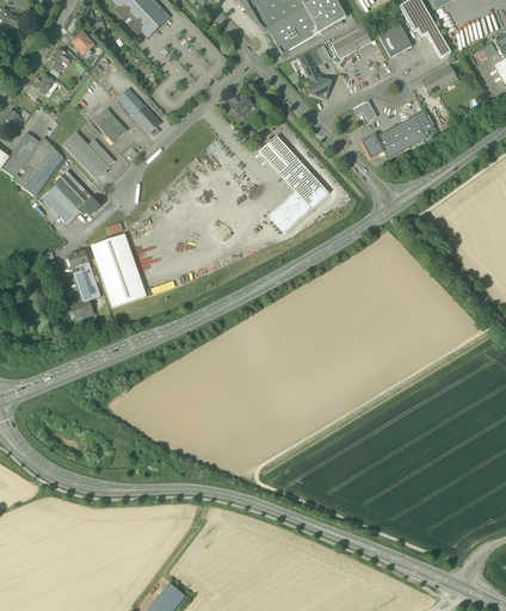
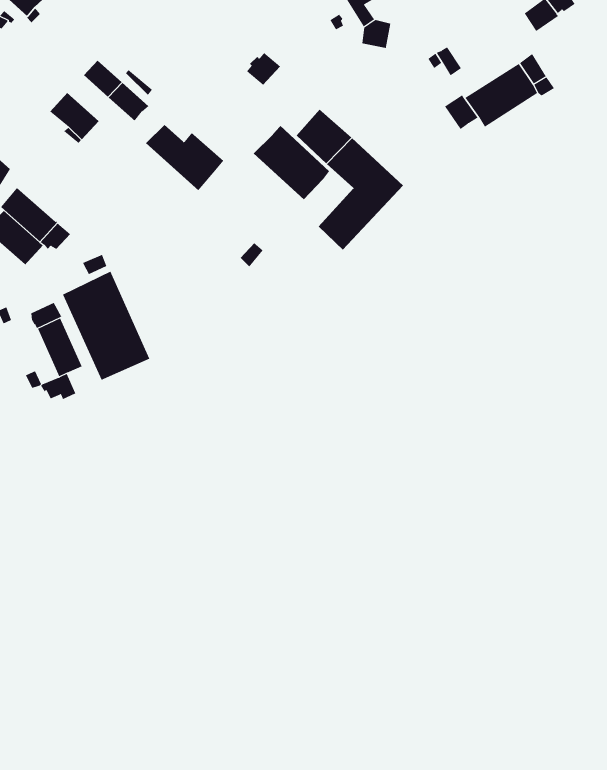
building: [62,131,115,179] -> [145,124,224,191]
building: none -> [253,125,330,200]

